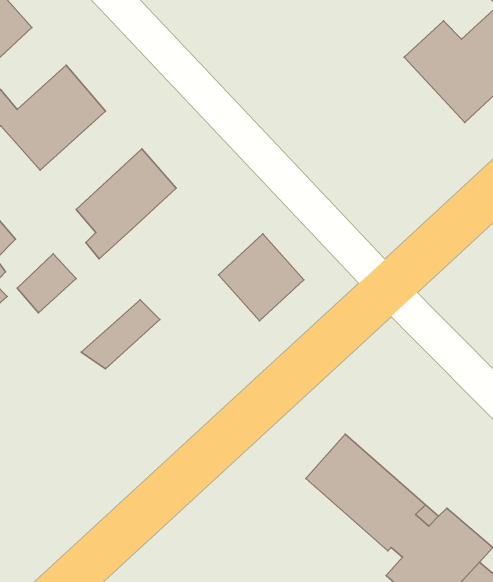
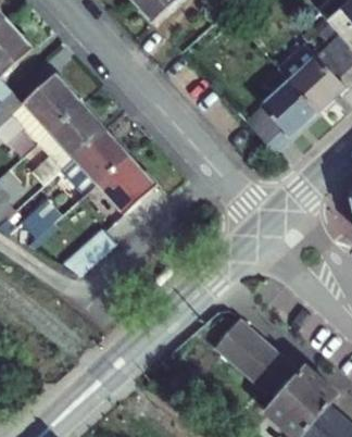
building: none -> [247,68,319,152]
building: none -> [32,104,105,186]
building: [218,234,304,321] -> [99,155,155,213]

